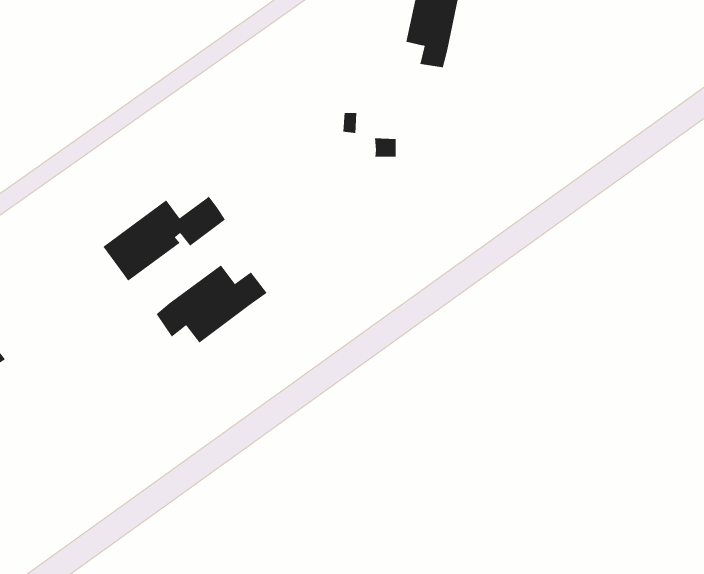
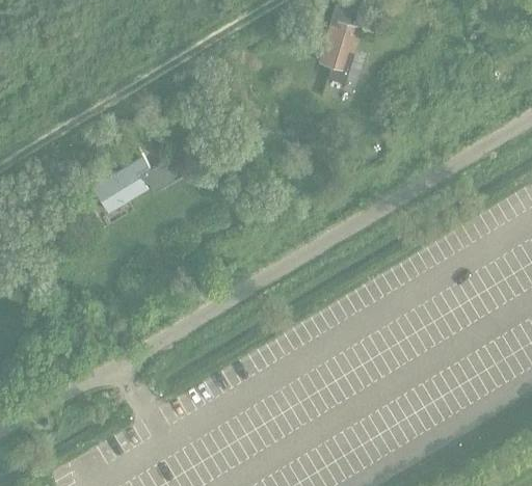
building: [156,264,267,343] -> none

